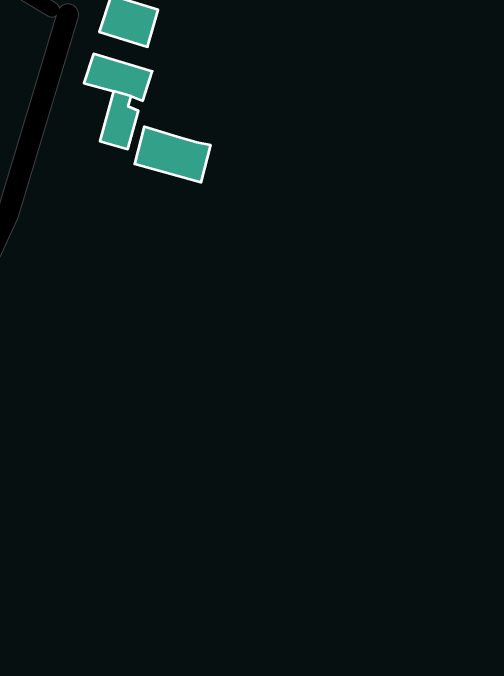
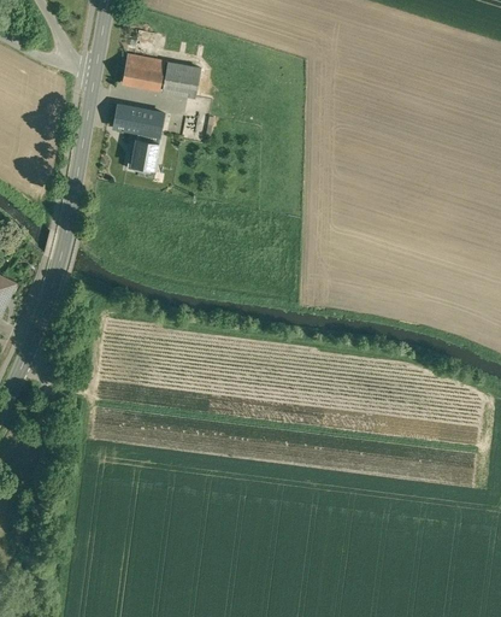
building: none -> [161,61,200,99]
building: [135,127,210,182] -> none

